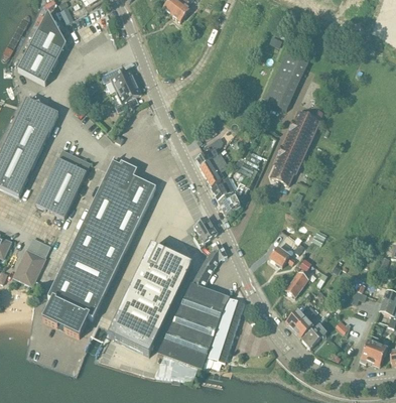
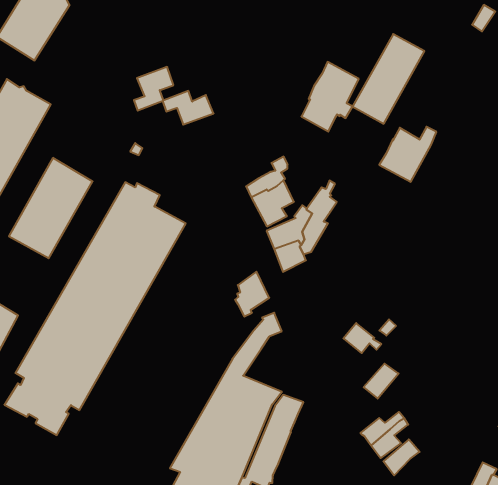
building: [100,65,135,89] -> [163,91,214,125]
building: [269,136,306,183] -> [301,62,359,132]
building: [107,244,191,354] -> none

